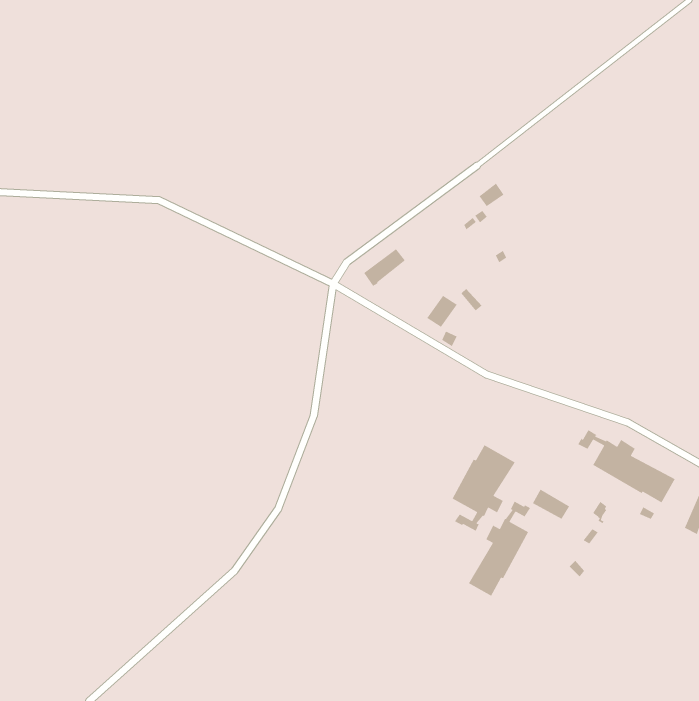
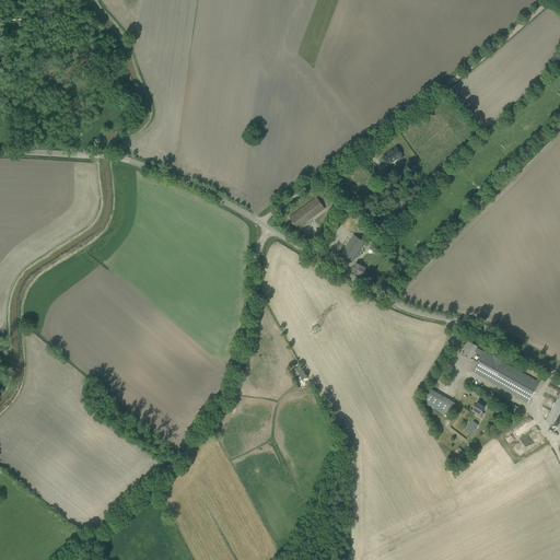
building: [451,444,516,533] -> none
building: [468,499,531,597] -> none

